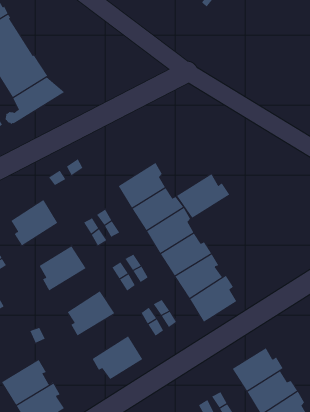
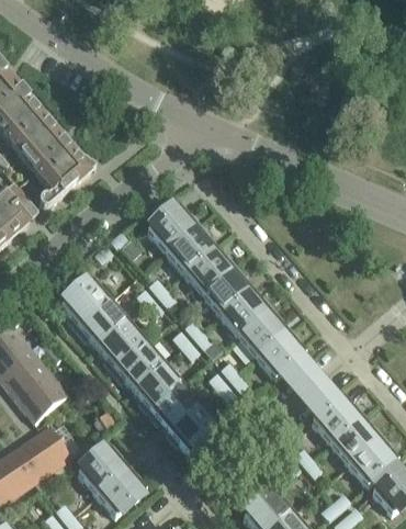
building: [176,174,230,219] -> [145,204,200,254]
building: none -> [76,301,127,348]
building: none -> [111,342,163,391]
building: none -> [274,352,342,423]
building: none -> [147,384,200,435]

